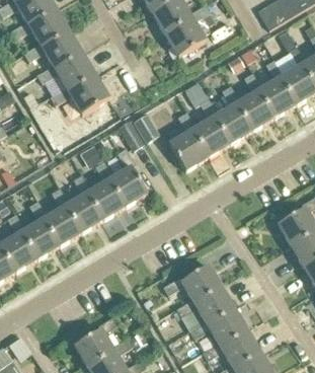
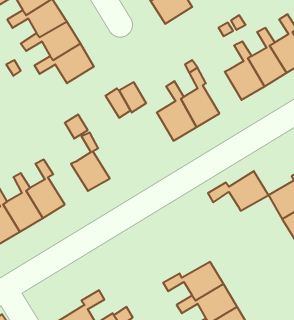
building: [215,85,252,143] -> none
building: [108,148,147,206] -> none
building: [65,174,103,231] -> none
building: [163,264,222,302] -> [208,171,269,211]

